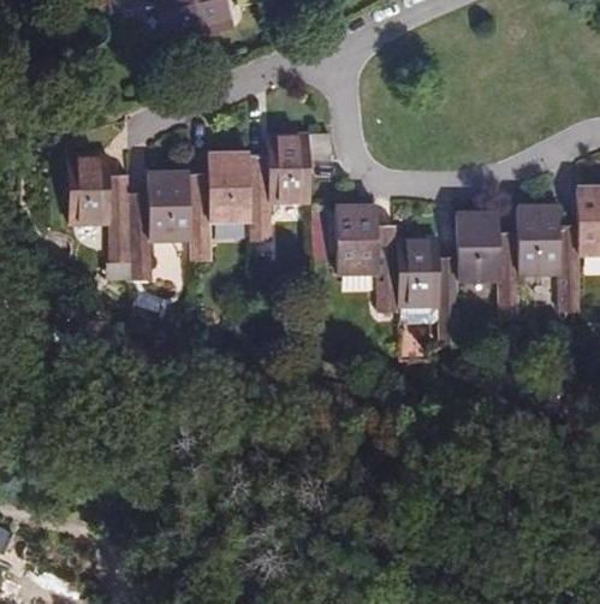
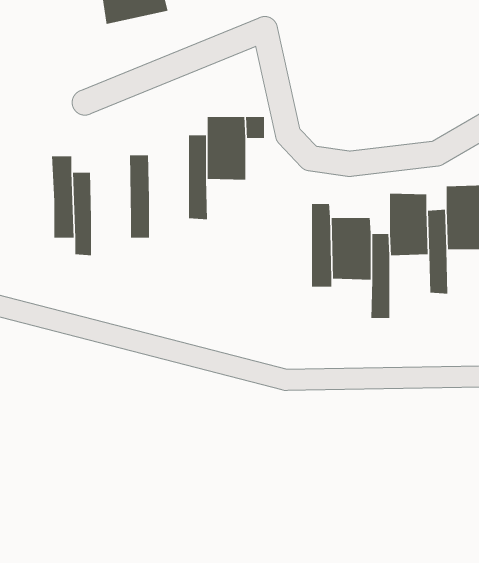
building: [208,154,249,220] -> none
building: [67,156,109,223] -> none
building: [148,174,189,241] -> none
building: [335,206,376,274] -> none

